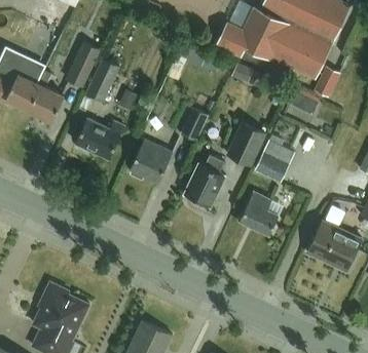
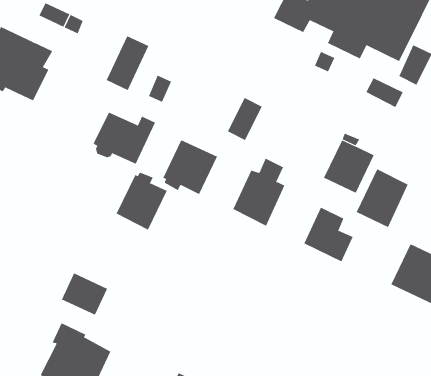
building: [66,42,101,87] -> none
building: [29,71,64,121] -> none
building: [226,120,267,166] -> [356,169,408,228]
building: none -> [116,172,167,230]
building: none -> [61,273,108,316]

